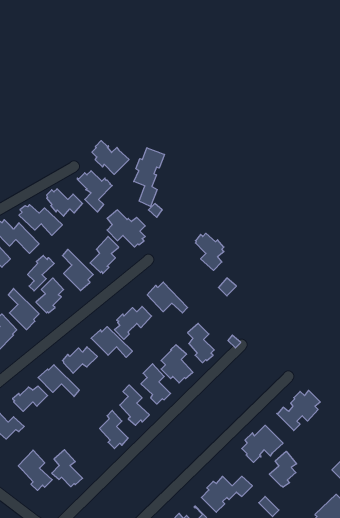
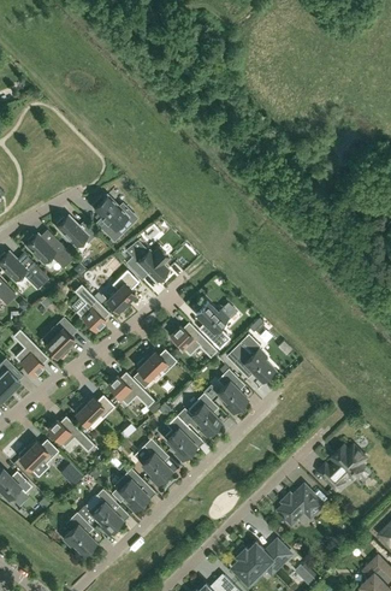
building: [92,141,129,174] -> none
building: [134,148,164,207] -> none
building: [195,233,224,270] -> [195,303,227,345]
building: [28,255,54,291] -> none
building: none -> [233,349,273,383]
building: [18,450,52,490] -> [85,489,124,534]
building: [269,451,297,487] -> none

